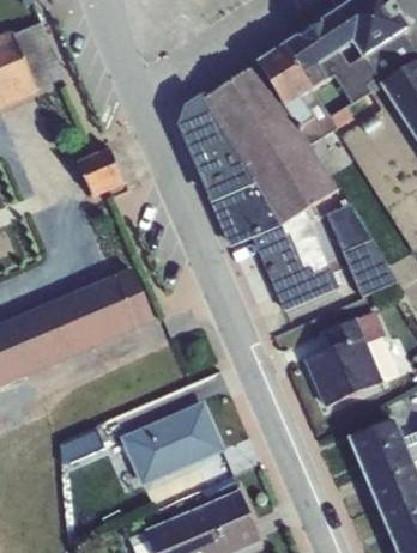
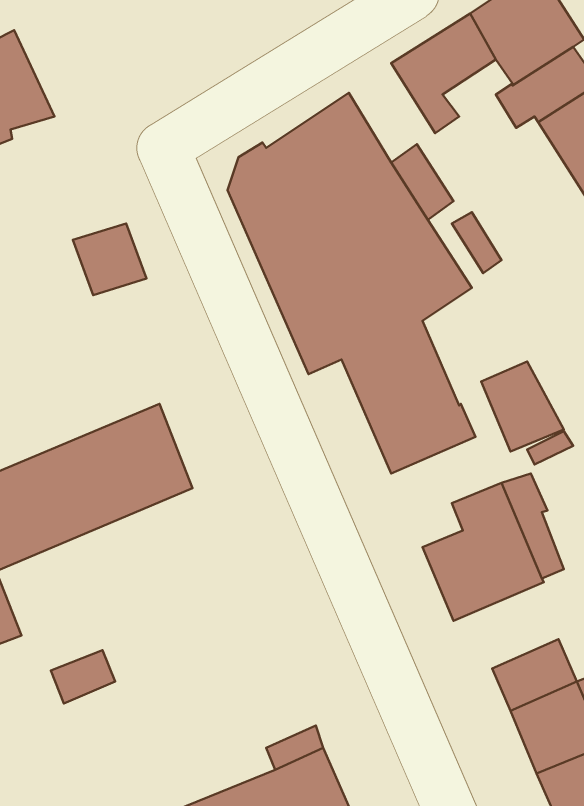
building: [318,41,380,101] -> none
building: [256,43,313,108] -> none
building: [326,201,373,250] -> none
building: [121,400,224,484] -> none

